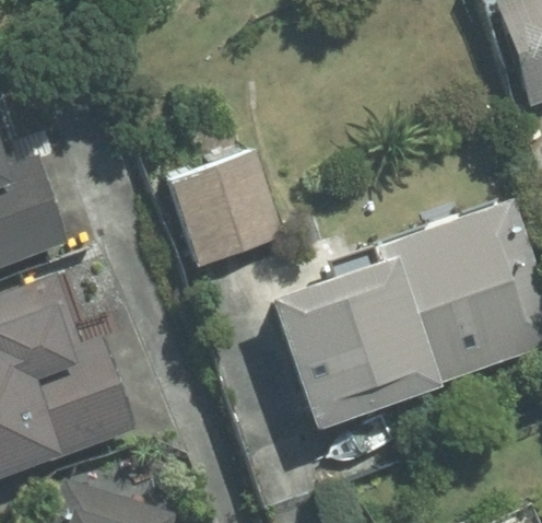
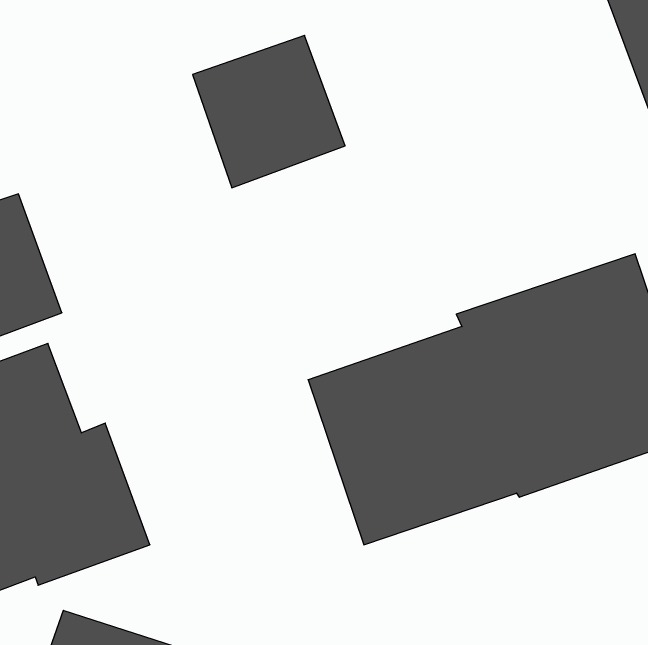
building: [168,148,287,267] -> [193,35,345,188]

